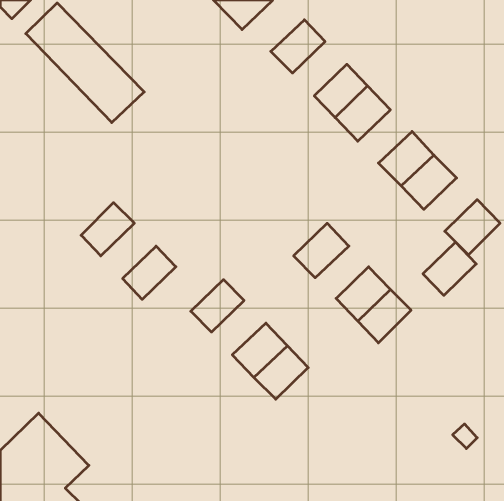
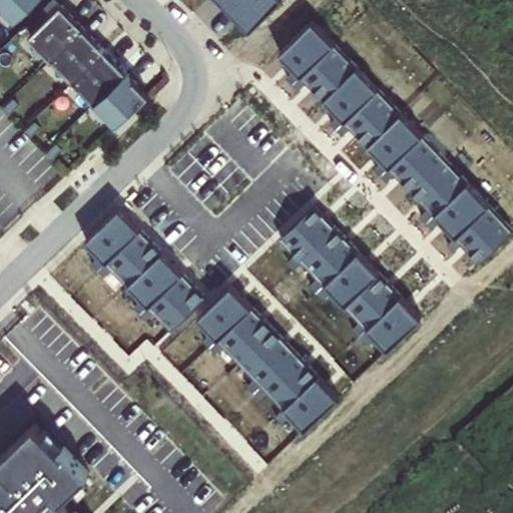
building: none -> [298,46,353,101]
building: none -> [364,115,419,169]
building: none -> [277,207,333,264]
building: none -> [103,230,159,287]
building: [423,242,476,295] -> [431,184,485,238]
building: none -> [321,253,375,307]
building: none -> [145,275,202,332]
building: none -> [215,309,271,364]
building: none -> [281,377,336,432]

